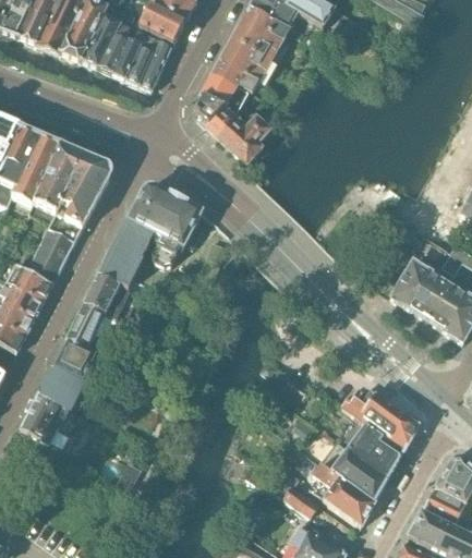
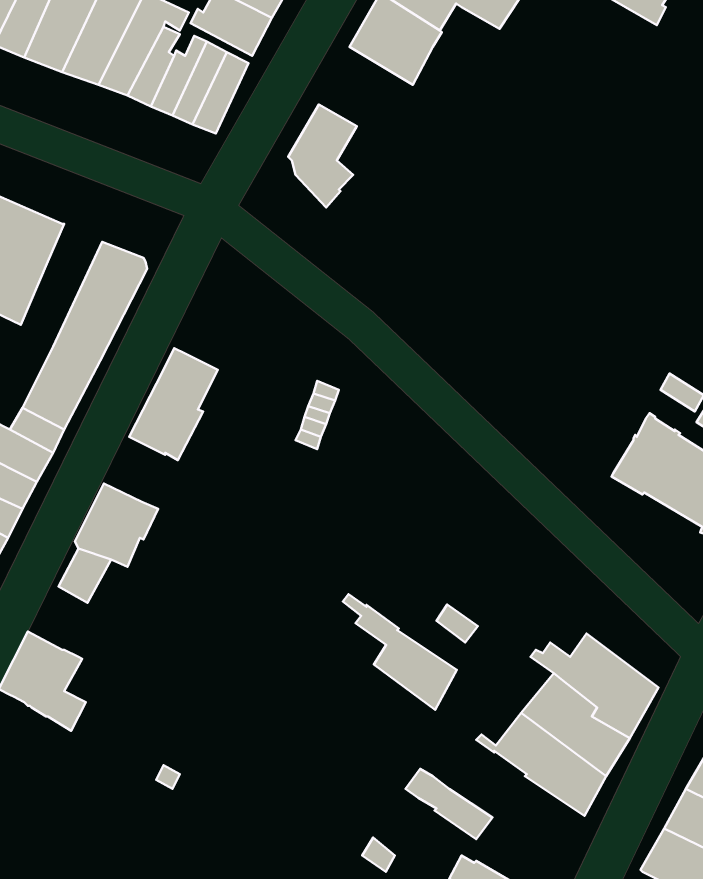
building: [215,36,271,90] -> none
building: [219,110,270,161] -> none
building: [32,143,84,217] -> none
building: [128,183,203,265] -> none
building: [85,271,122,311] -> none
building: [39,363,83,404] -> none
building: [306,454,375,524] -> [343,594,457,710]

